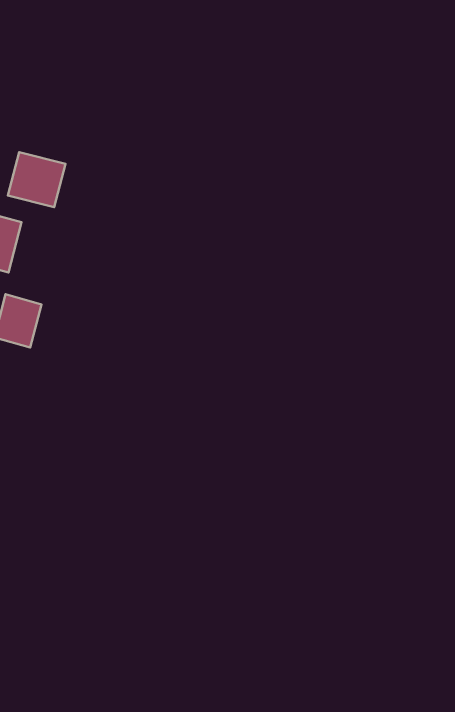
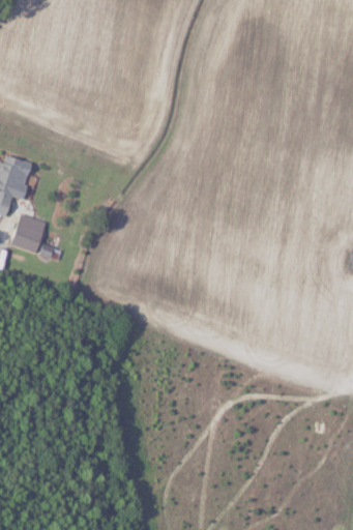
building: [8,152,65,207] -> none

